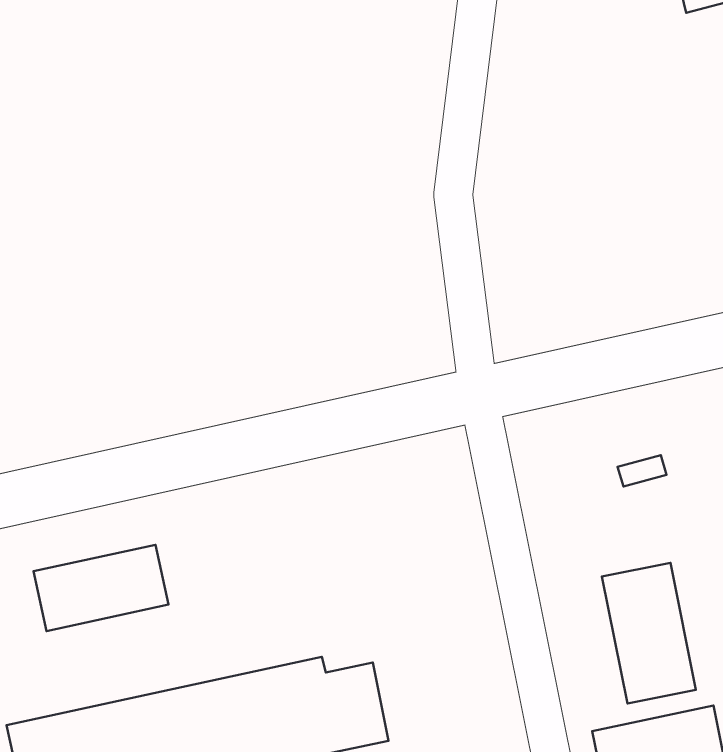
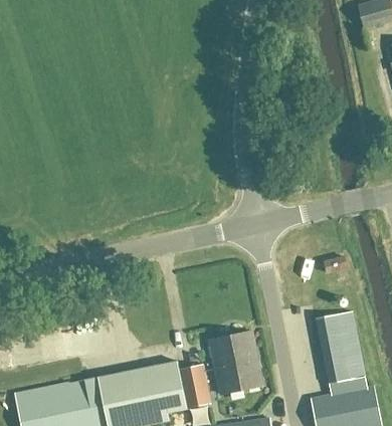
building: [33,545,168,631] -> none
building: none -> [210,331,260,392]

